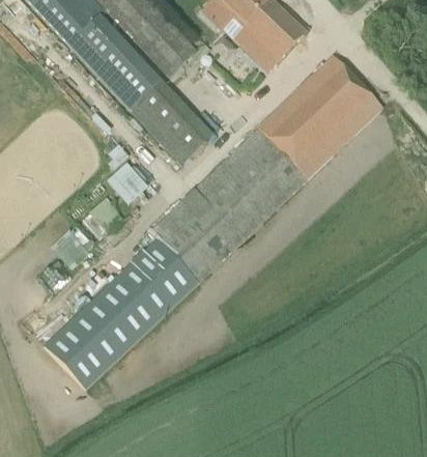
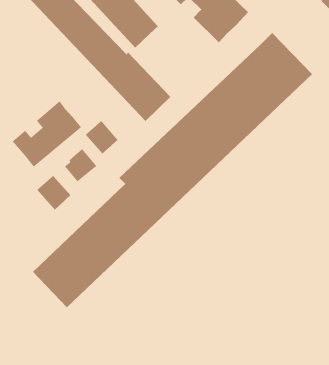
building: none -> [12,101,82,167]

